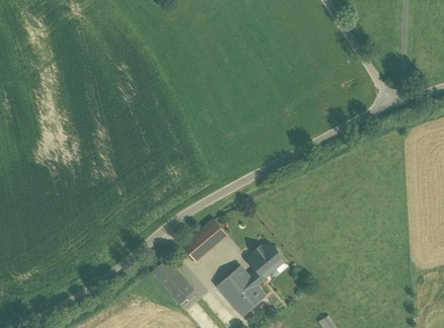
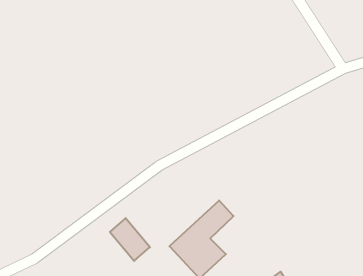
building: [184,218,229,260] -> none

